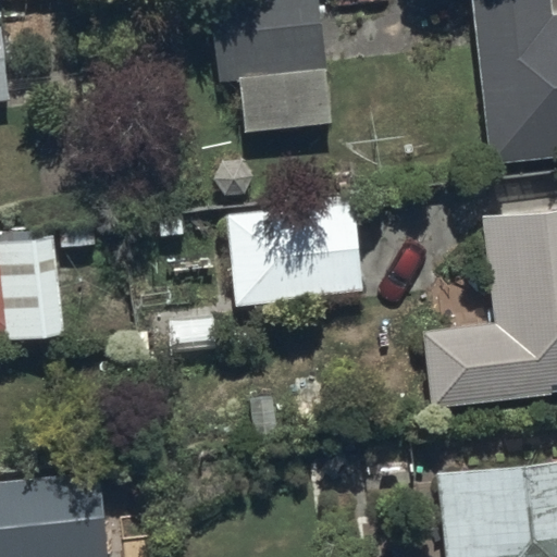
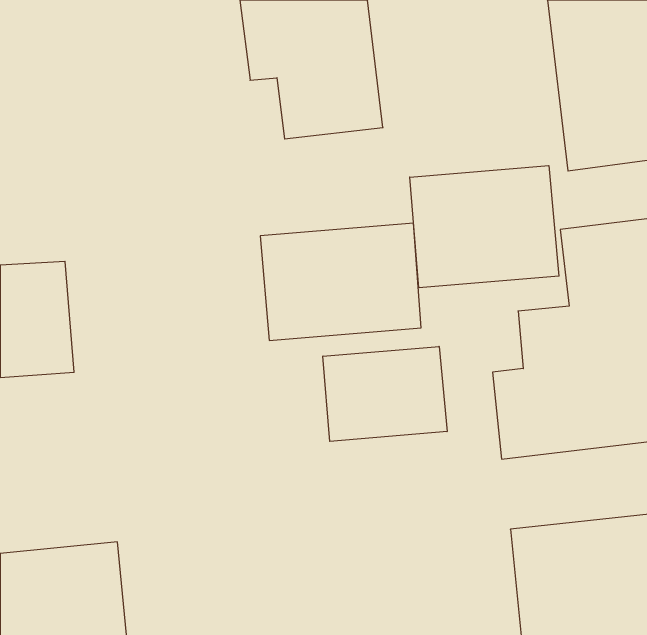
building: none -> [410,166,559,288]
building: none -> [323,346,447,441]

